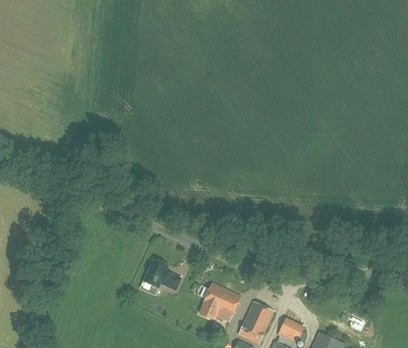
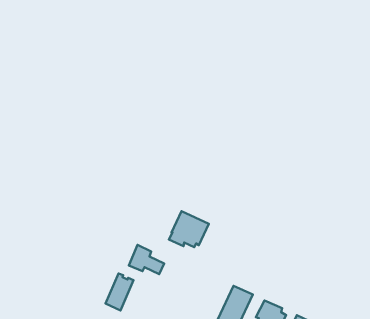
building: [198,283,240,320] -> [169,211,209,247]
building: none -> [106,273,133,310]

